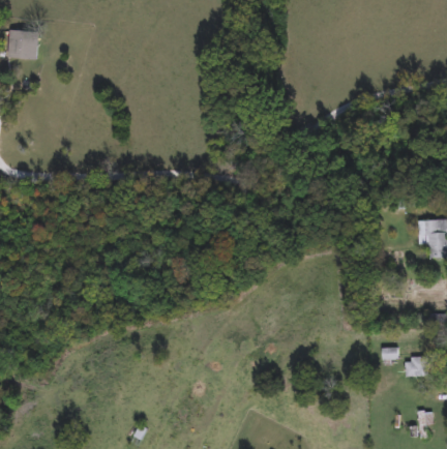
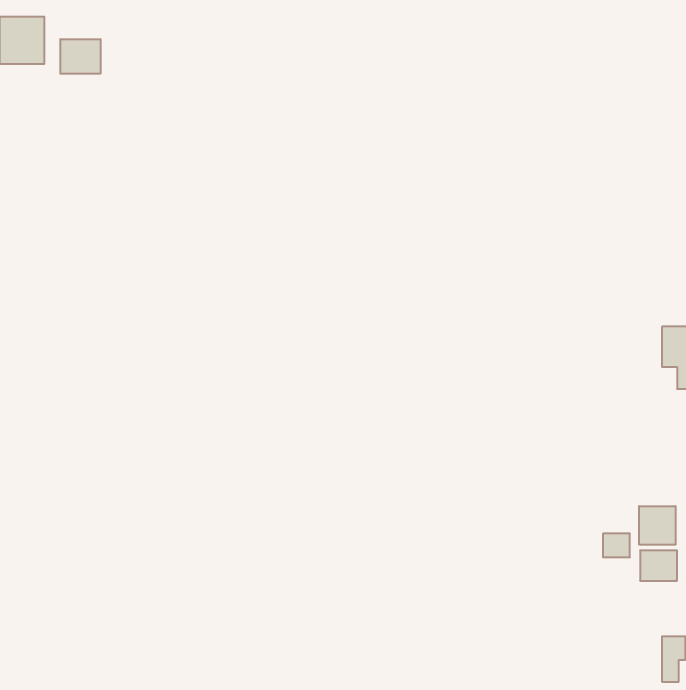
building: none -> [60,39,100,74]
building: none -> [639,506,676,545]

